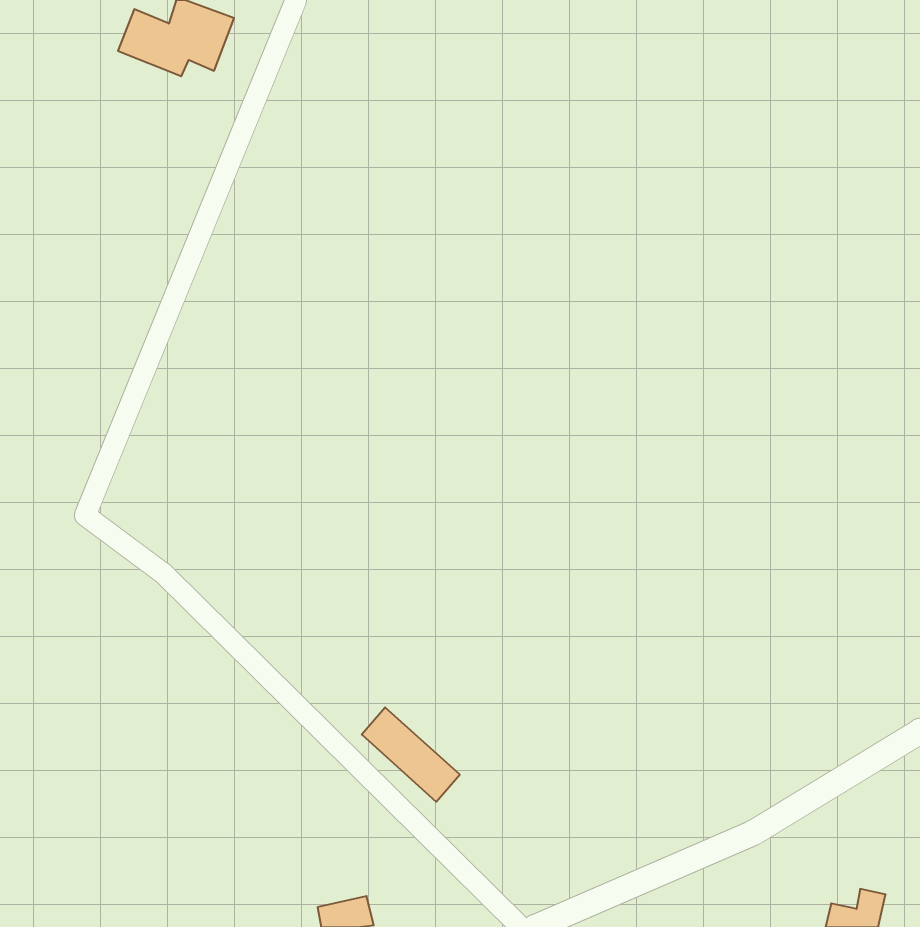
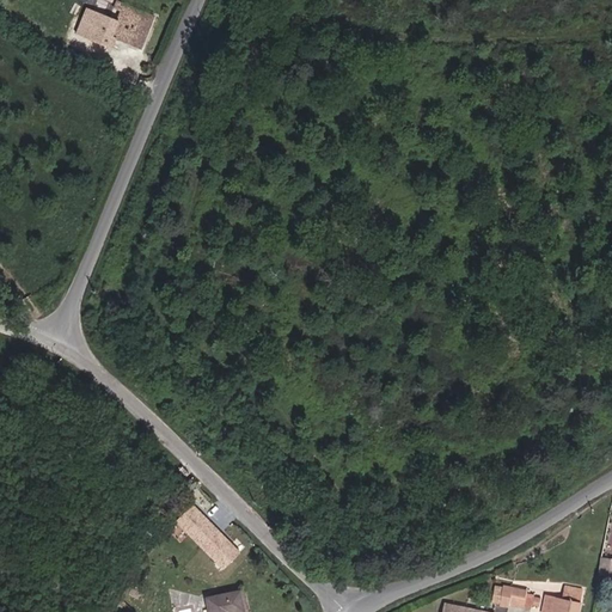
building: [362,707,460,802] -> [172,506,237,568]
building: none -> [501,585,533,606]

